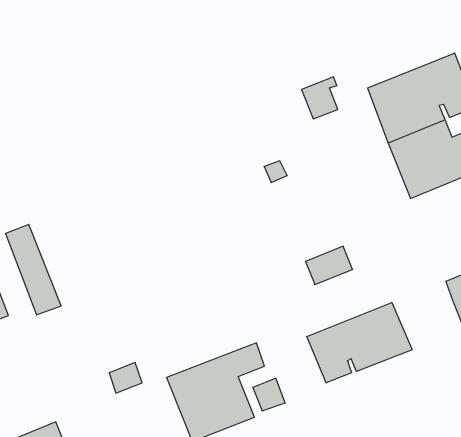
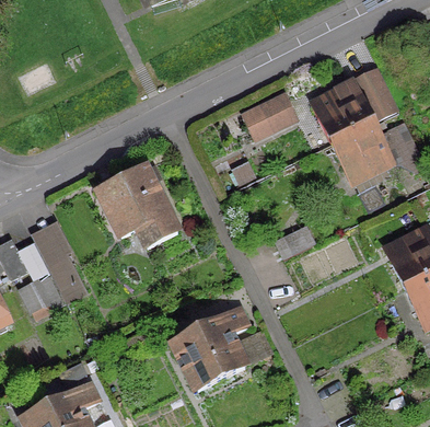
building: none -> [96,166,176,245]
building: [307,302,412,383] -> none

